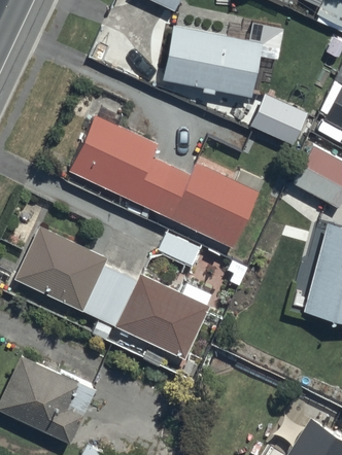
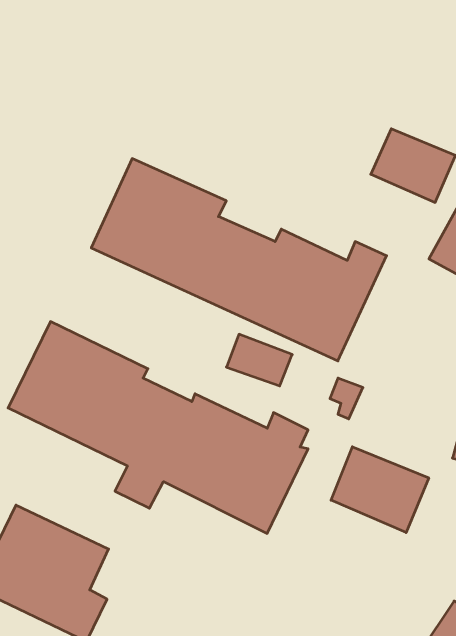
building: [164,25,262,99] -> none
building: none -> [331,447,429,533]

